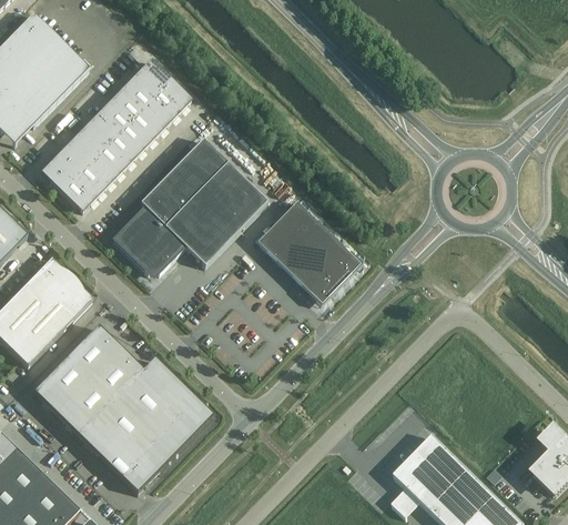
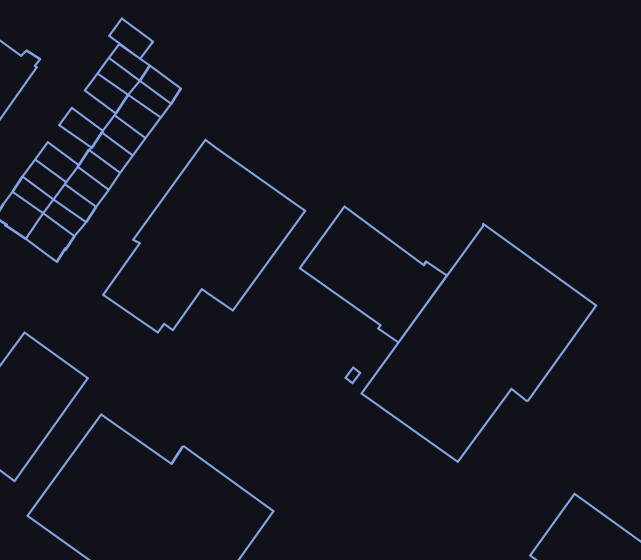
building: [110,89,141,120] -> [109,19,153,59]
building: [89,111,120,142] -> none
building: none -> [362,224,596,462]

